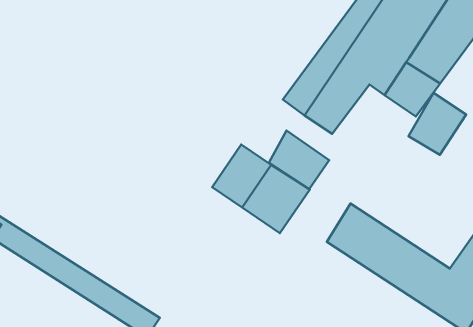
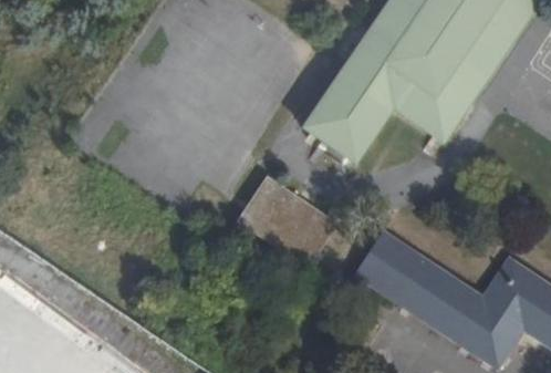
building: [408,93,466,155] -> none
building: [269,130,329,189] -> none

